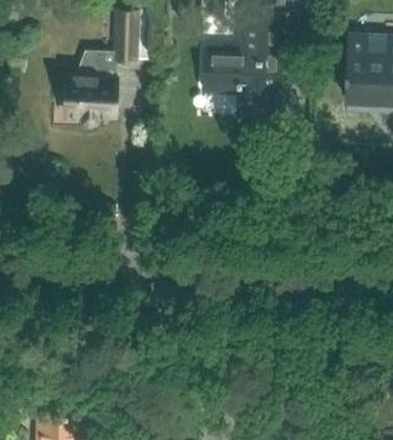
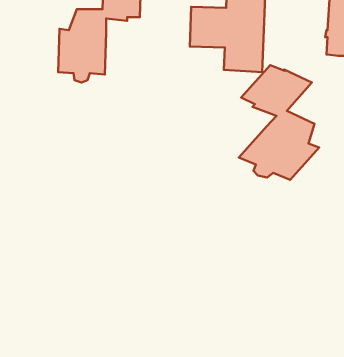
building: none -> [239,65,319,180]

